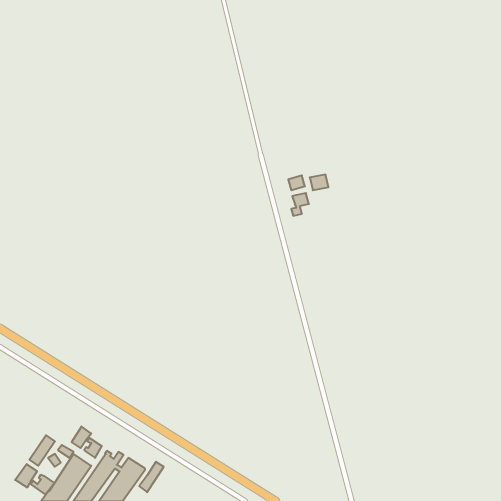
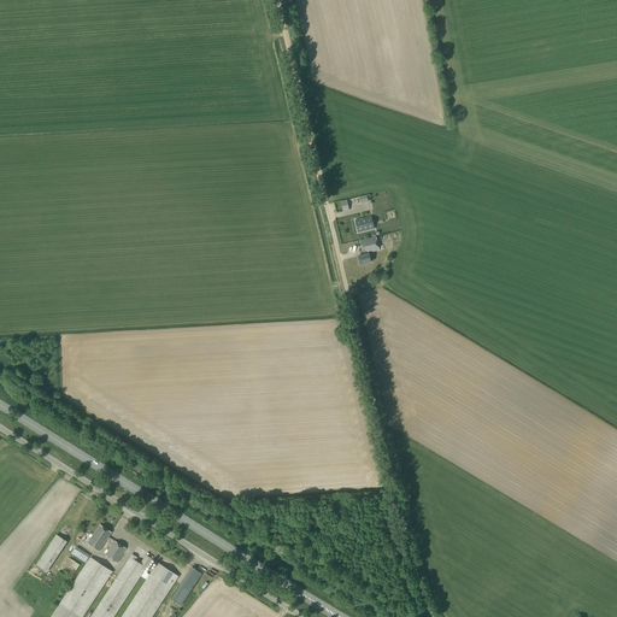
building: [15,464,54,494] -> none

